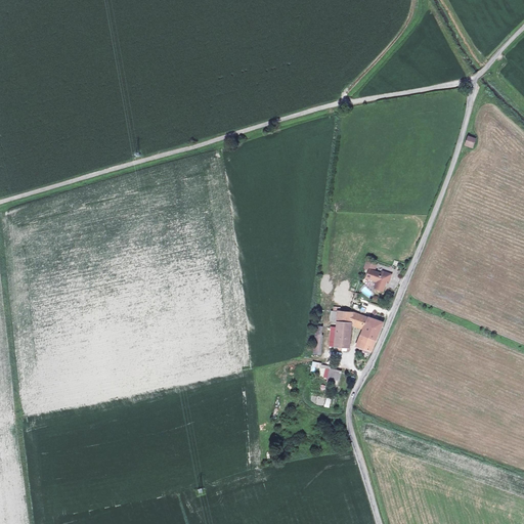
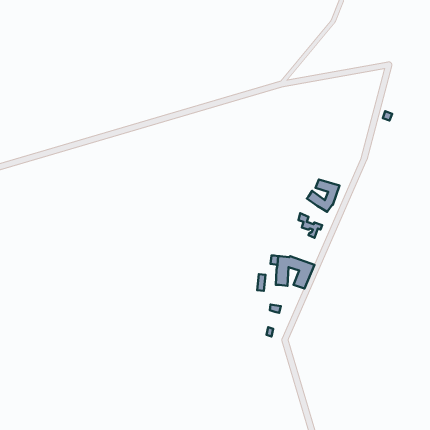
building: none -> [307,179,339,212]

